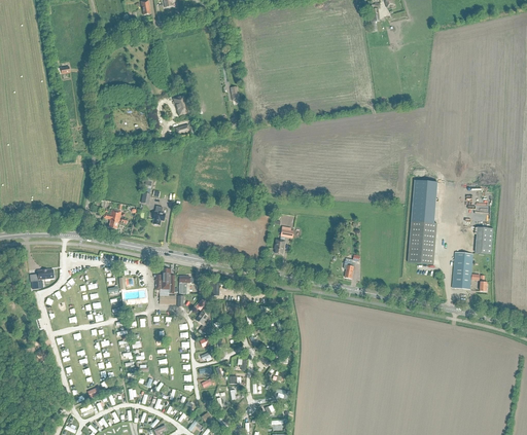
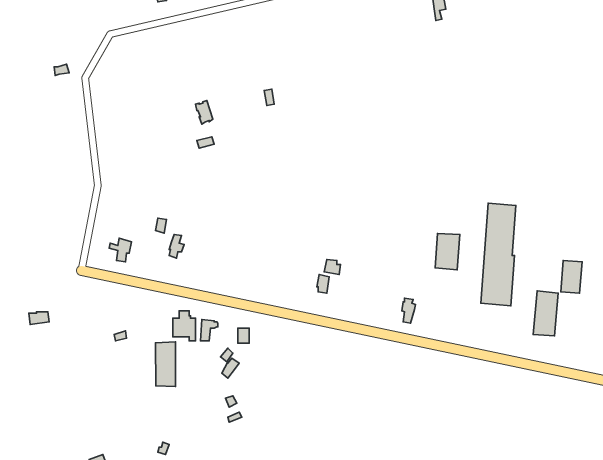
building: none -> [435,233,460,270]
building: none -> [156,342,175,386]

